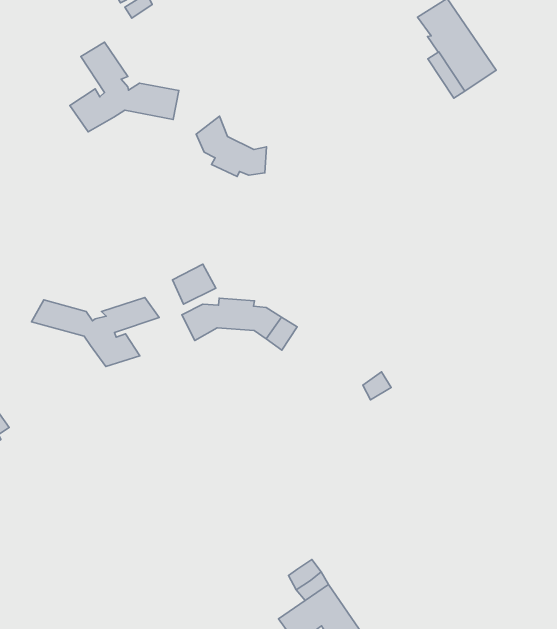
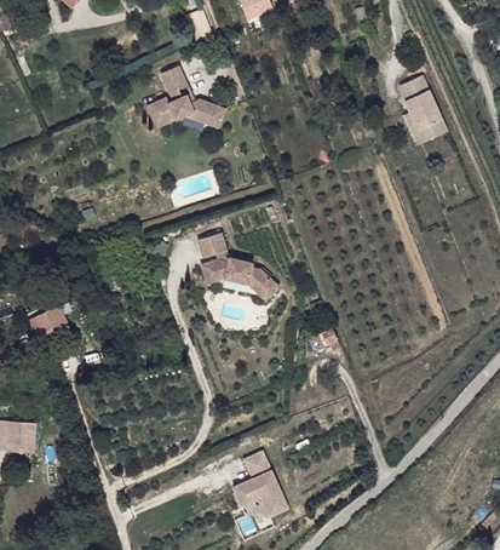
building: [196,116,267,177] -> none
building: [32,298,159,366] -> none

